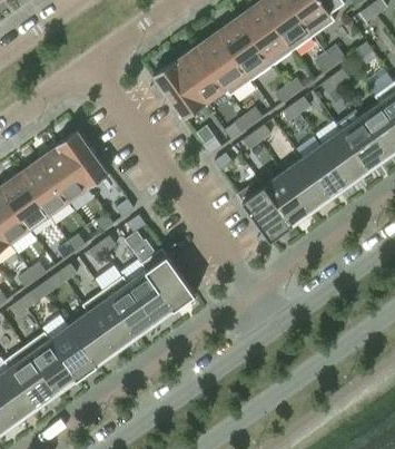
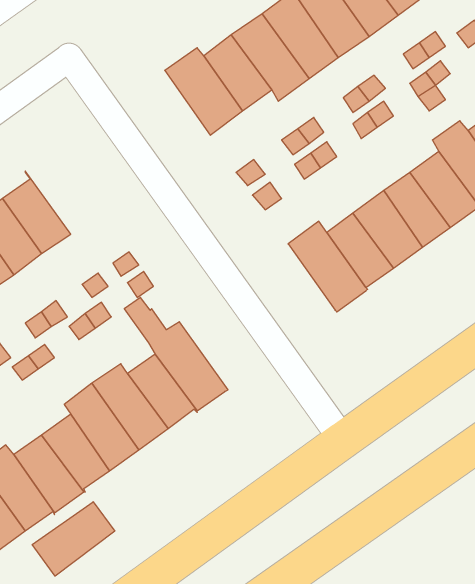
building: [57,129,108,187] -> none
building: none -> [32,502,115,576]

